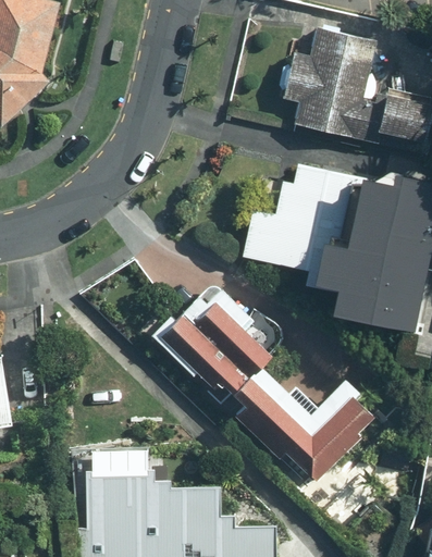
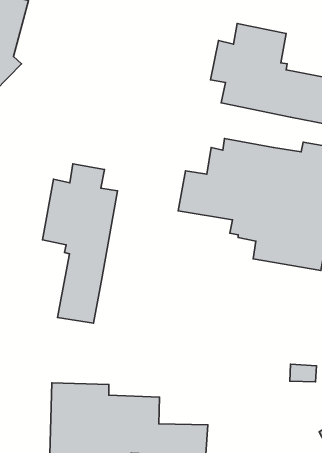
building: none -> [43,164,118,323]
building: [161,294,375,483] -> none

